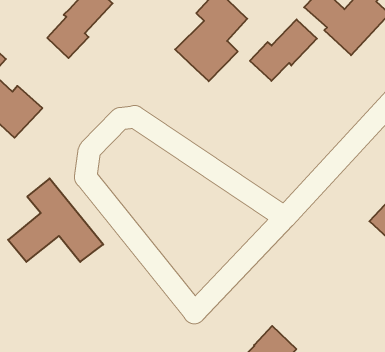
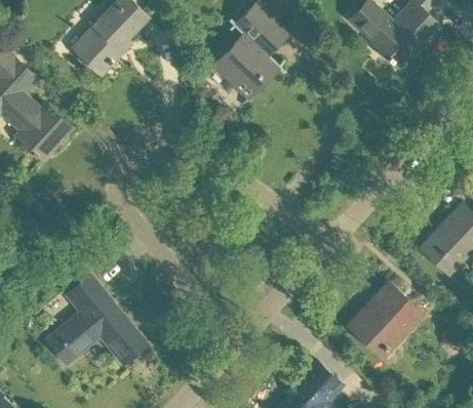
building: [250,19,317,81] -> none
building: [8,178,103,262] -> [45,275,147,364]
building: none -> [348,282,423,358]

